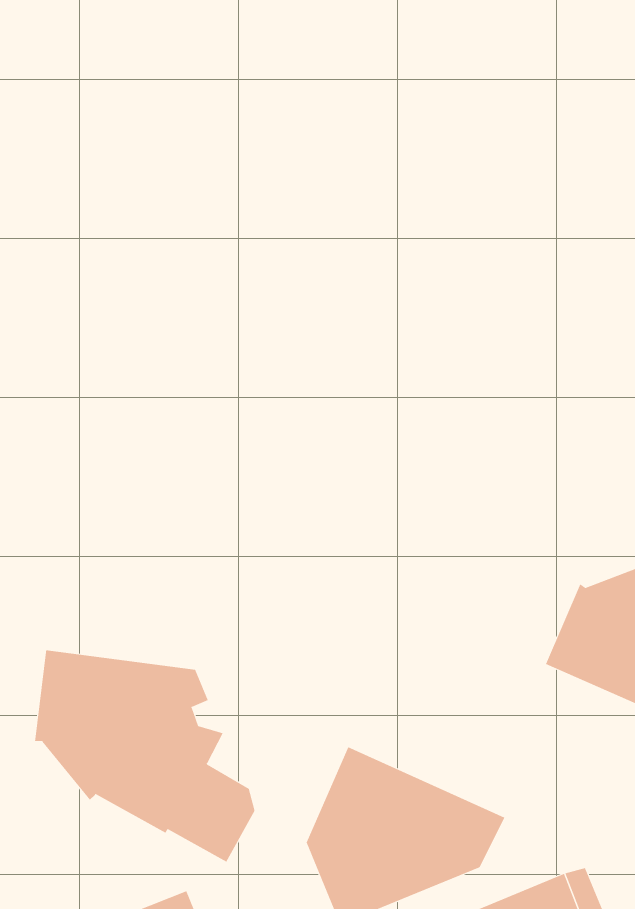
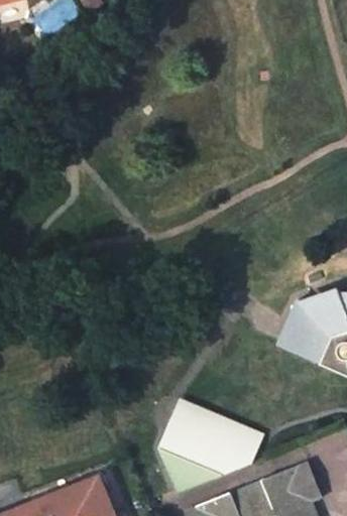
building: [34,649,255,862] -> none

